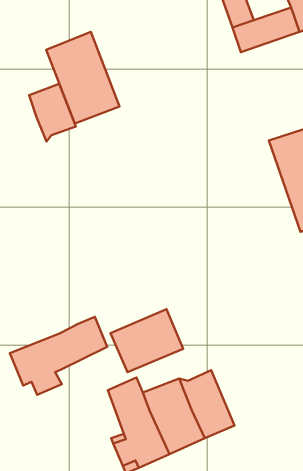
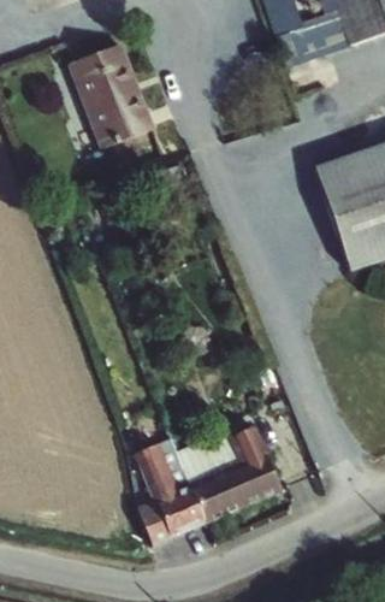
building: [29,84,76,142] -> none
building: [111,309,183,372] -> none
building: [10,317,107,395] -> none

